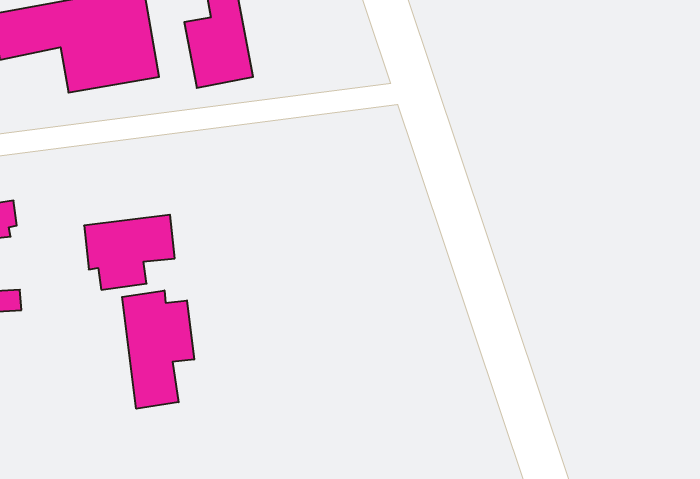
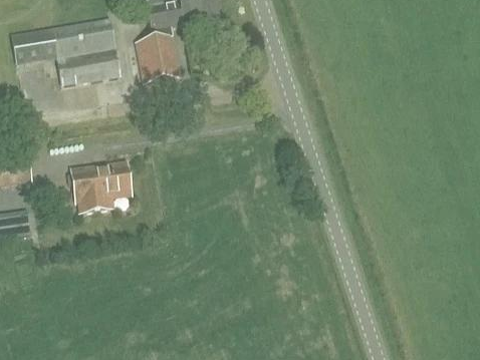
building: [122,290,194,409] -> none

